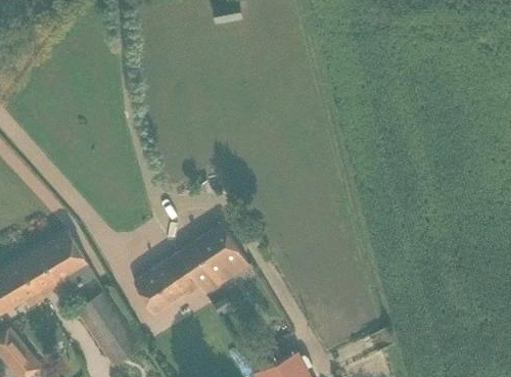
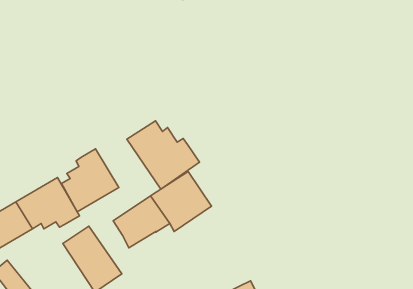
building: none -> [127,121,199,189]
building: none -> [61,149,119,212]

